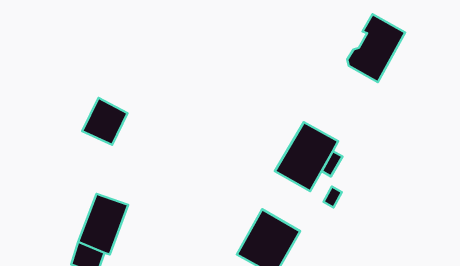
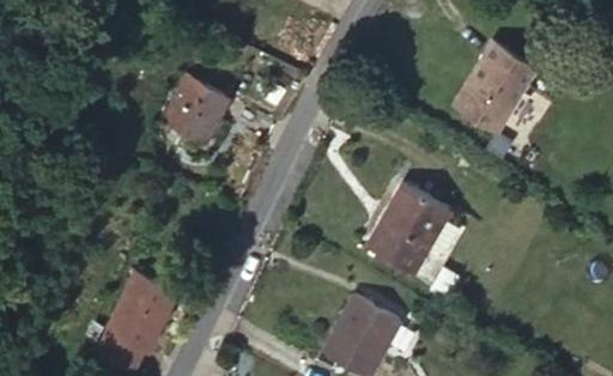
building: [82,98,127,145] -> [165,83,225,145]

